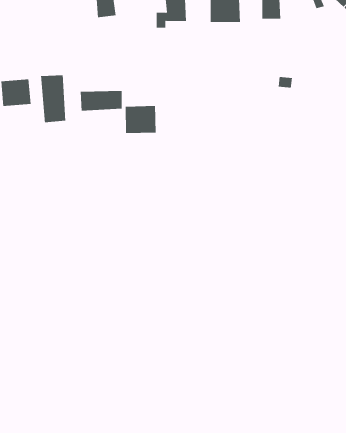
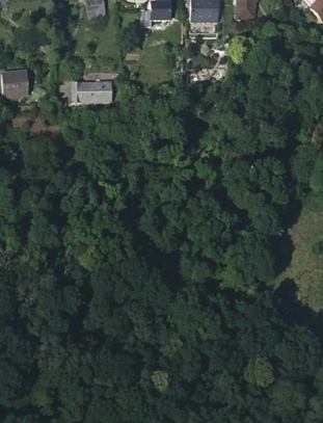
building: [41,75,66,123] -> none
building: [125,105,156,134] -> none

